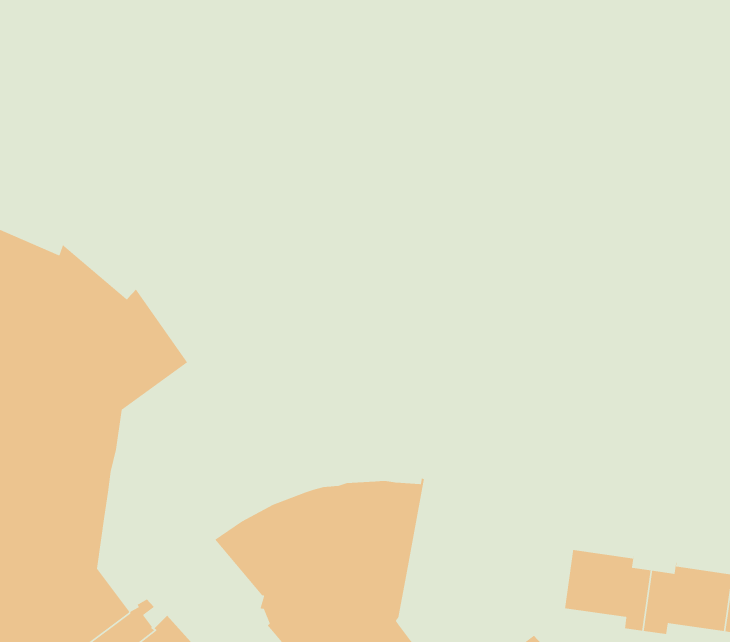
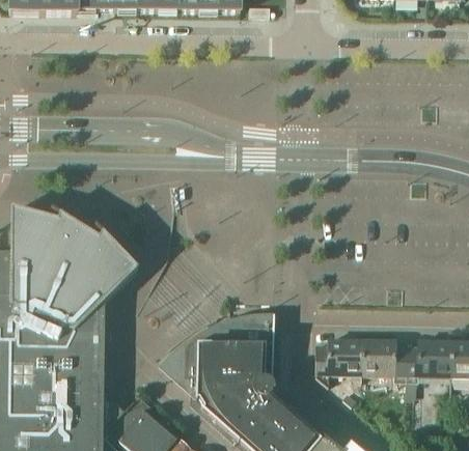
building: none -> [318,341,363,387]

